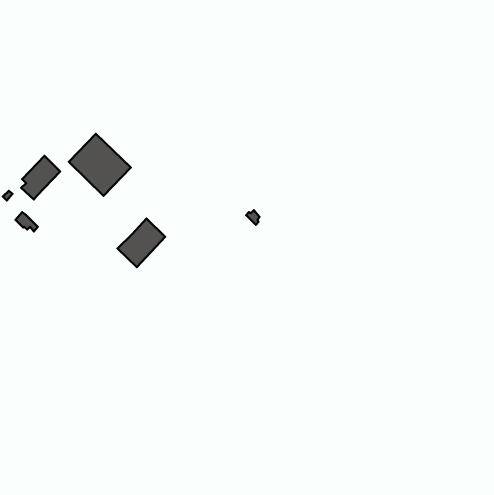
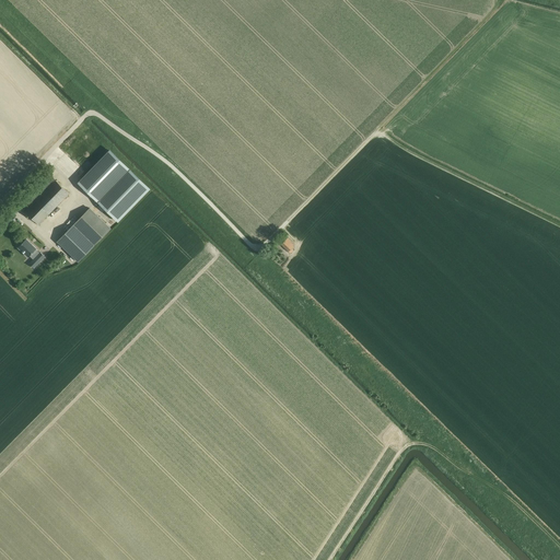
building: [118,219,165,267] -> [56,208,109,262]

